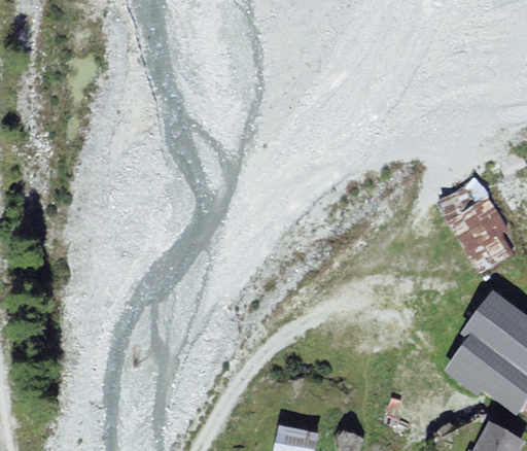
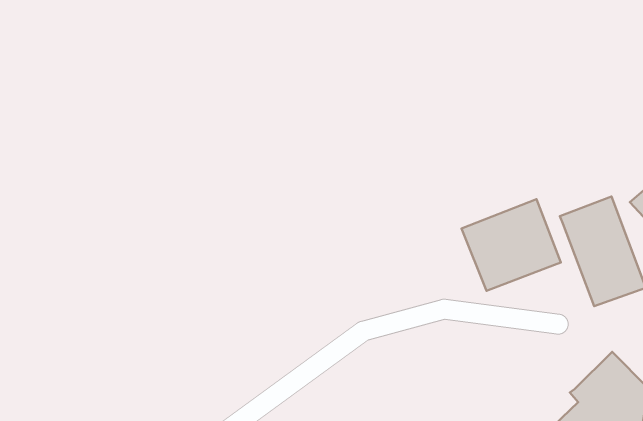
building: none -> [462,199,561,291]

